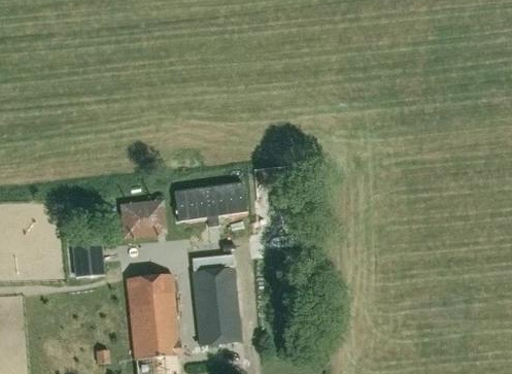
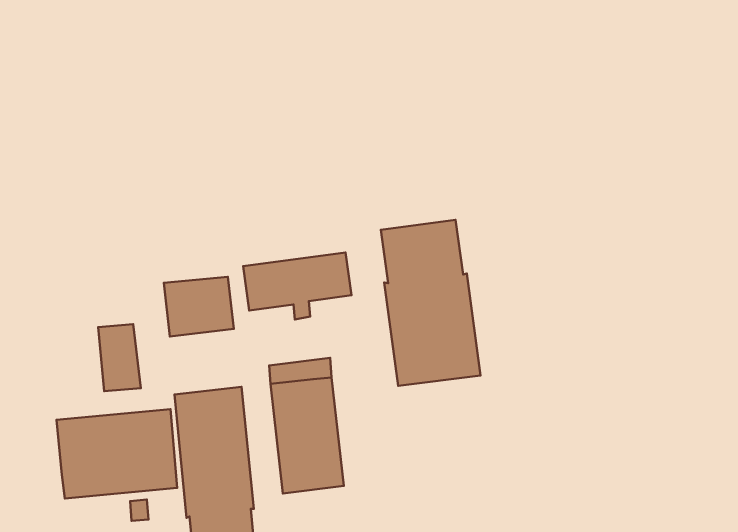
building: none -> [381,220,481,386]
building: none -> [57,409,177,498]

